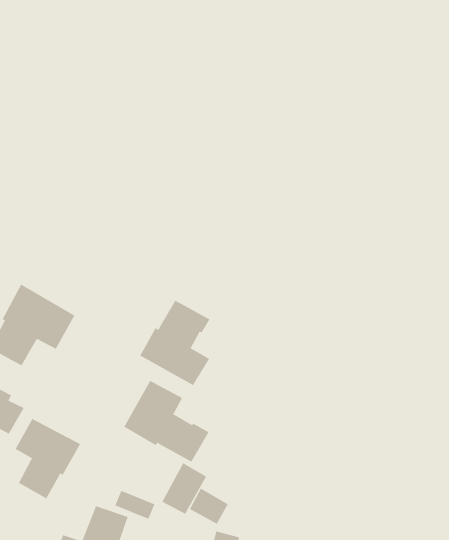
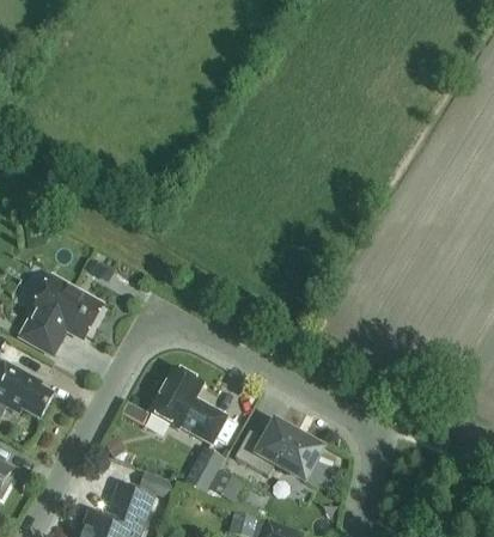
building: [140,300,210,386] -> none
building: [15,418,81,499] -> none
building: none -> [234,422,322,480]

